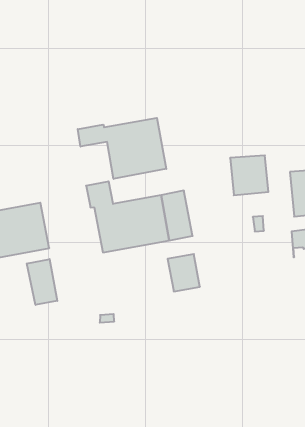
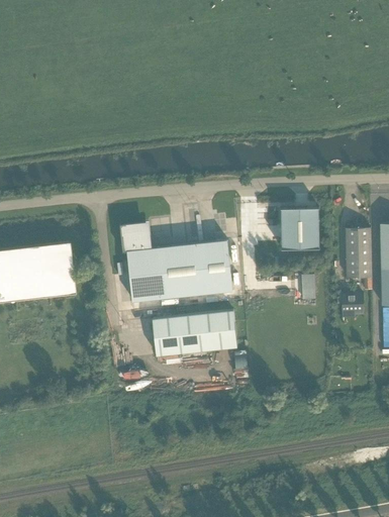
building: [78,118,166,179] -> none
building: none -> [153,314,207,356]
building: [27,259,57,305] -> none

